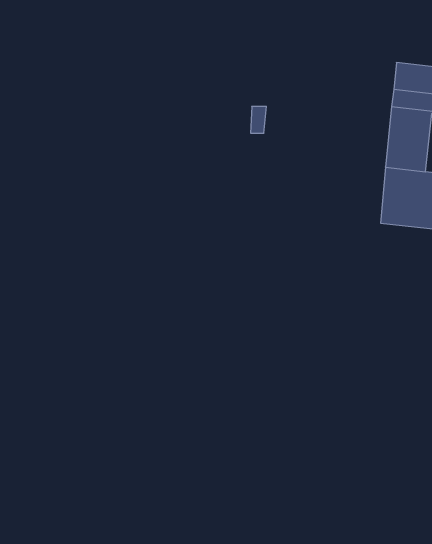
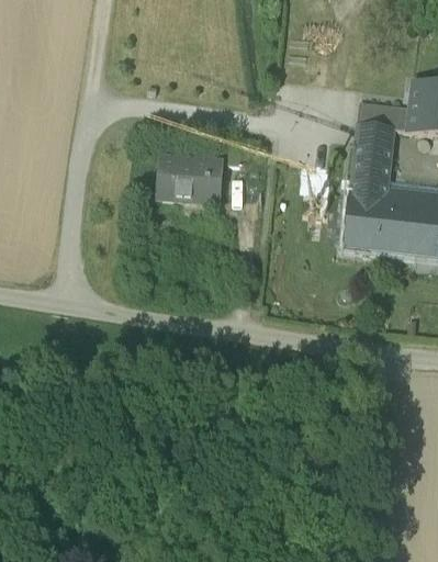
building: none -> [156,155,222,199]

